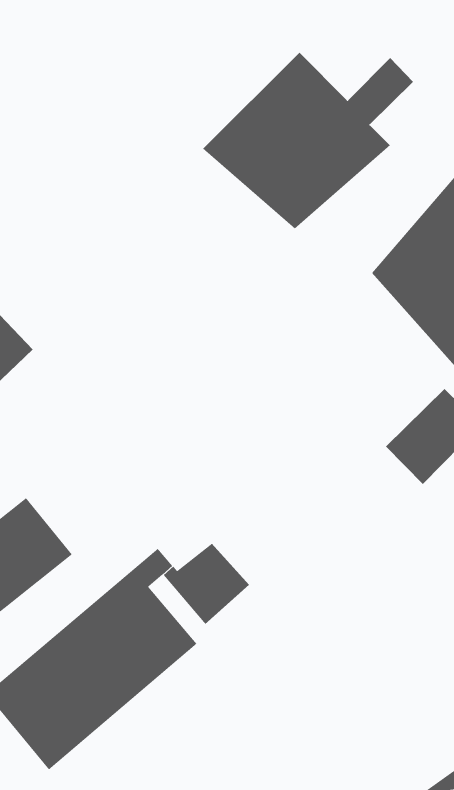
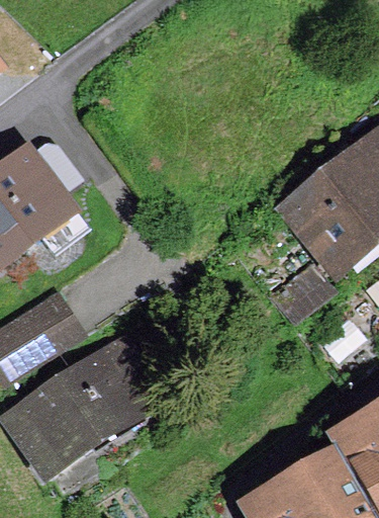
building: [202,52,414,230] -> none

